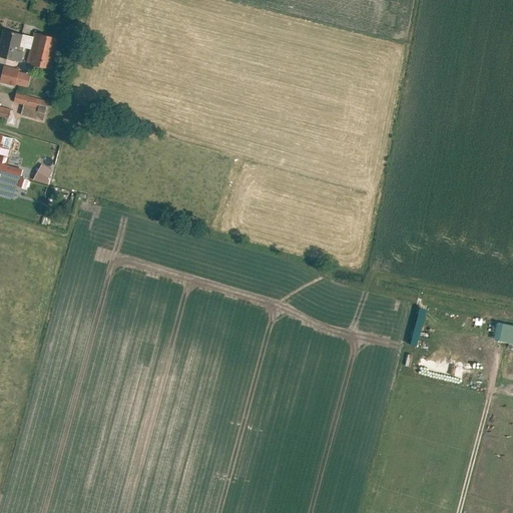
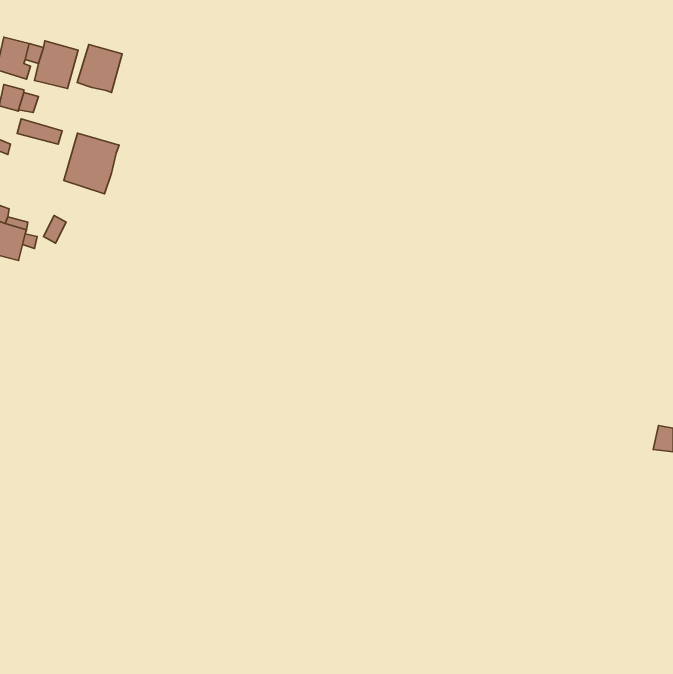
building: none -> [77,45,122,93]
building: none -> [64,133,119,194]

